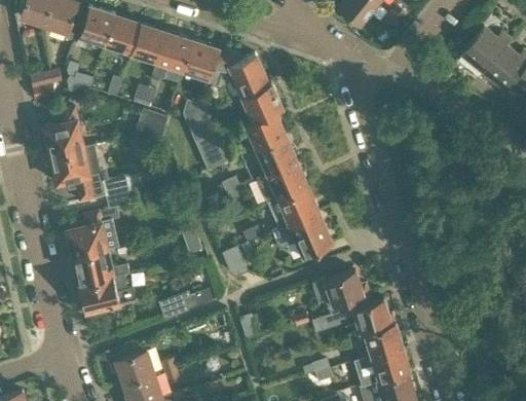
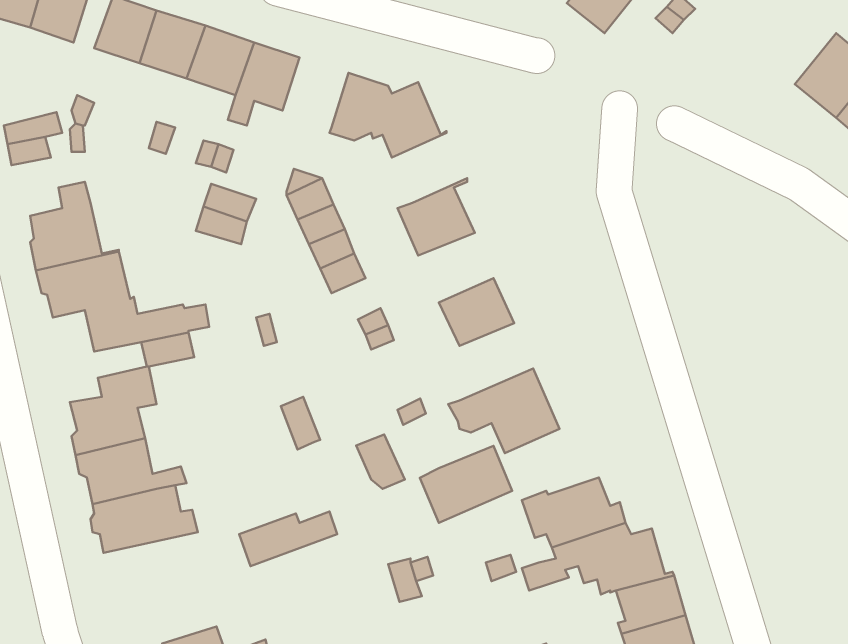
building: [182,41,218,79] -> none
building: [241,82,283,120] -> none
building: [256,137,297,175] -> none
building: [268,186,318,228] -> [420,446,512,523]

